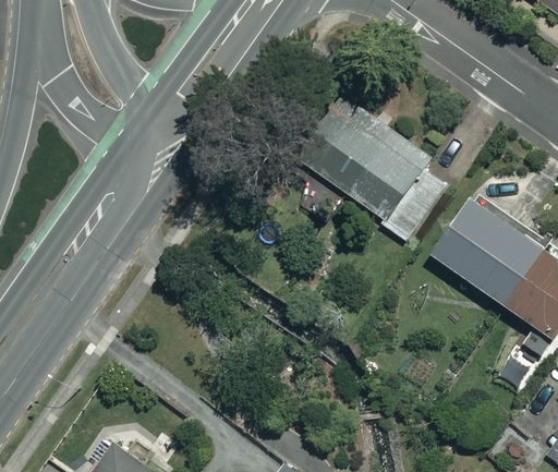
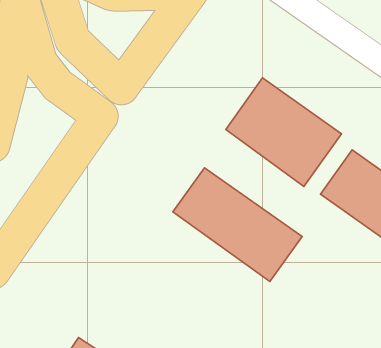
building: none -> [173,168,302,282]

